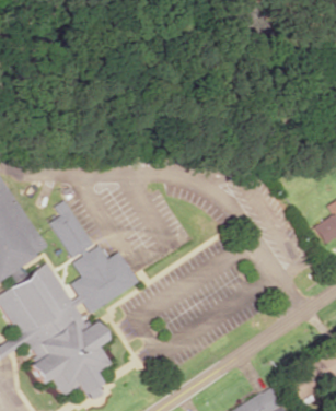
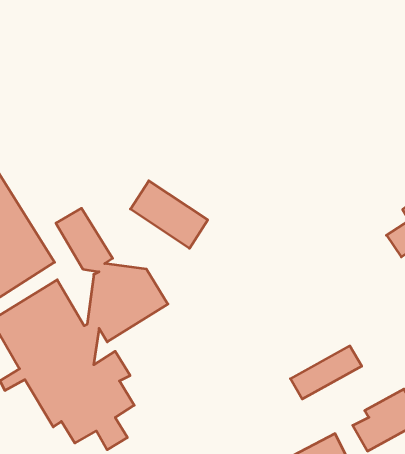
building: none -> [130,181,208,248]
building: none -> [290,346,362,399]

